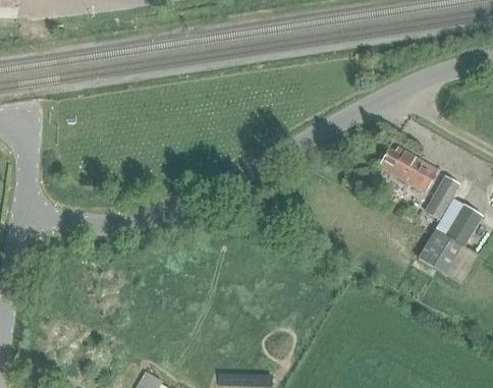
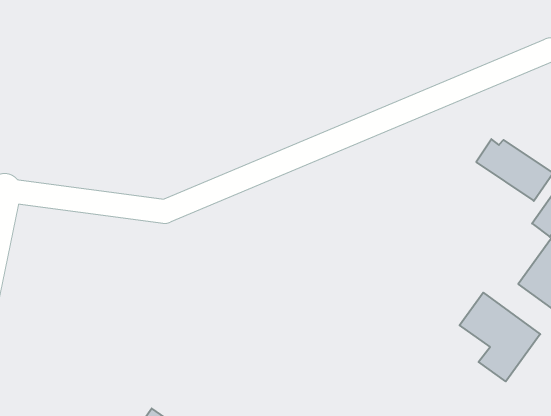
building: none -> [460,293,540,381]

